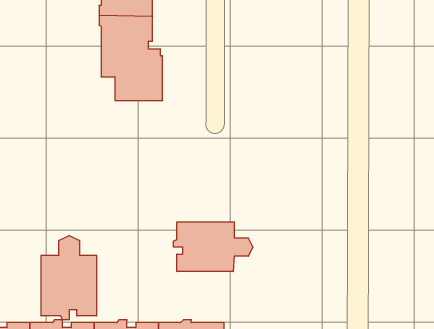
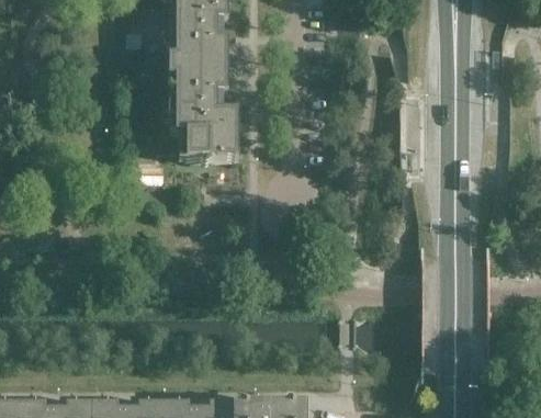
building: [173,222,253,272] -> none
building: [41,235,97,320] -> none

